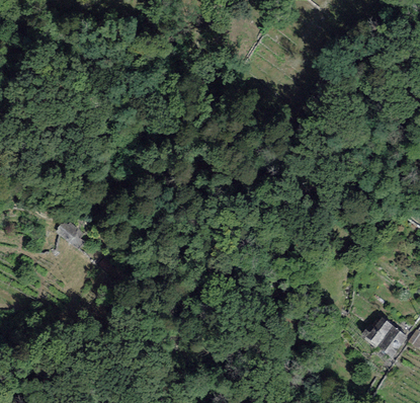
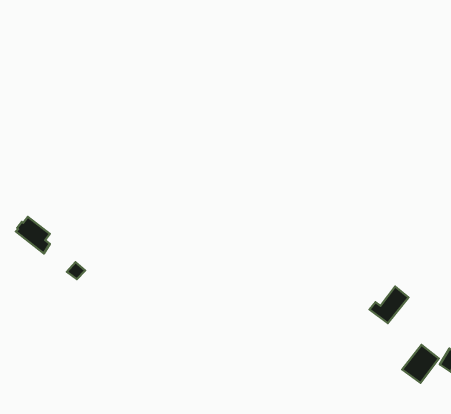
building: [361,317,394,347] -> [369,286,408,323]

